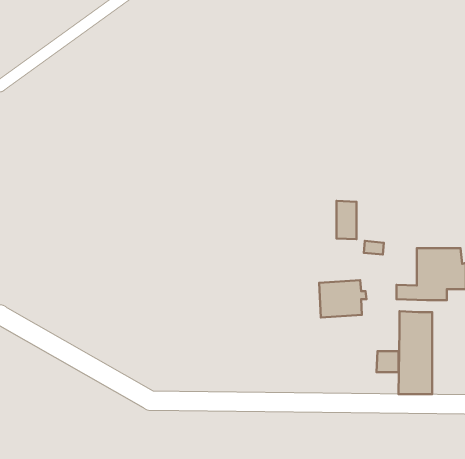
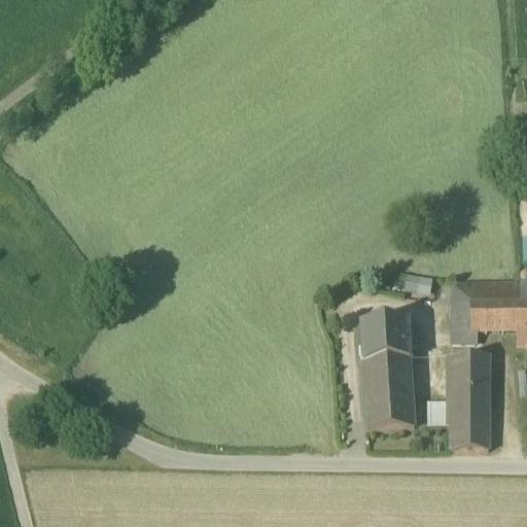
building: [336,201,356,239] -> [449,279,471,322]
building: none -> [363,355,415,426]

